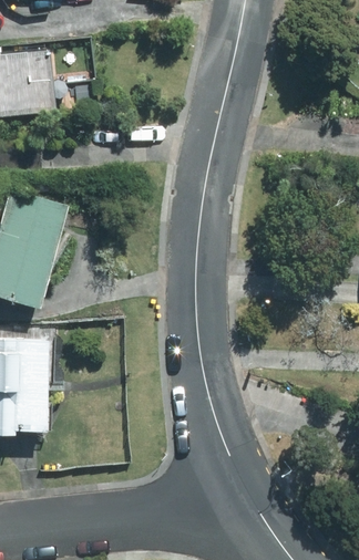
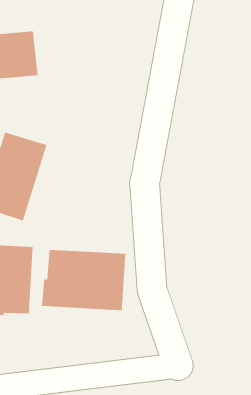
building: none -> [41,249,126,311]

